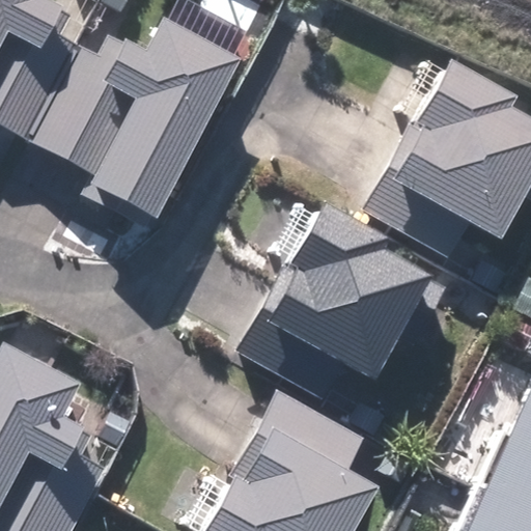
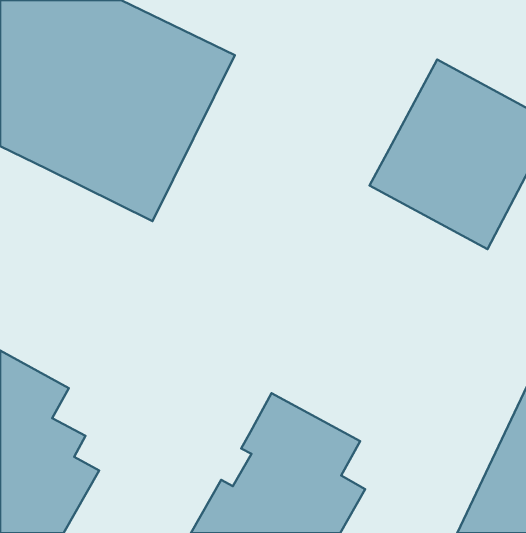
building: [250,202,448,397] -> none

